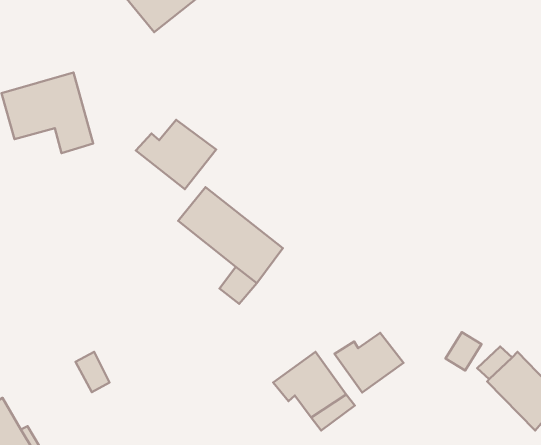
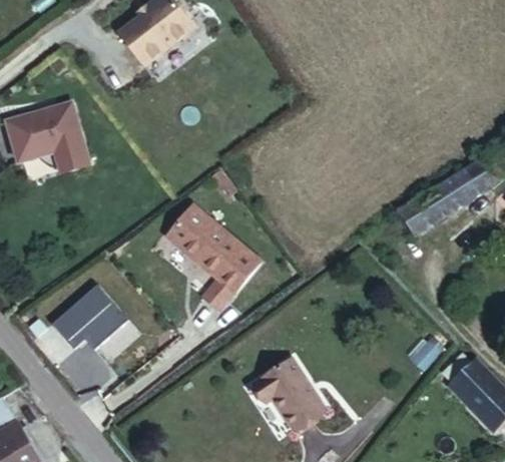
building: [136,120,216,189] -> none
building: none -> [396,164,493,243]
building: none -> [51,293,128,359]
building: [334,333,403,392] -> none

